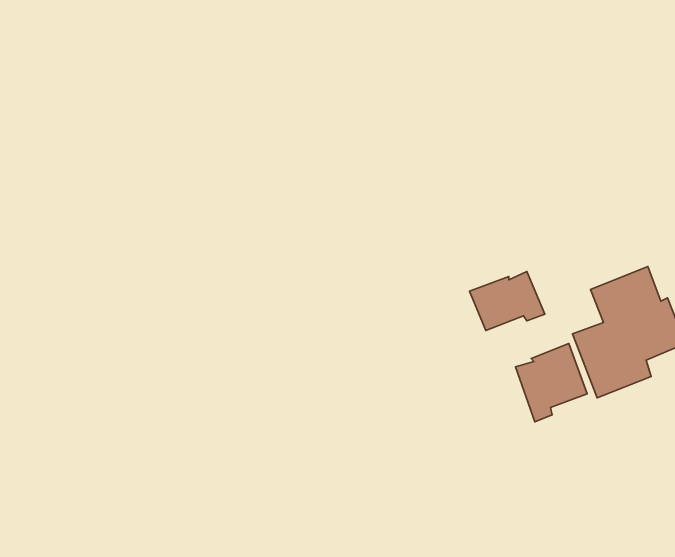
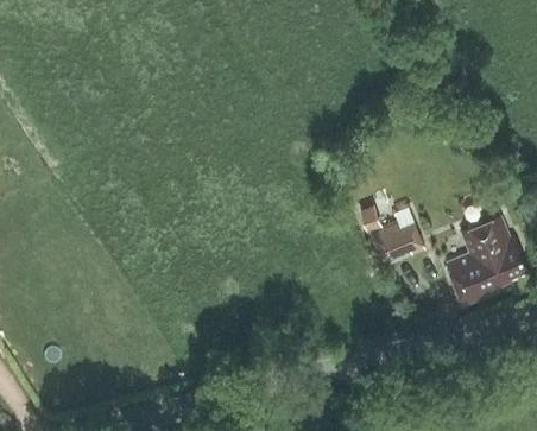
building: [515,344,587,422] -> none

